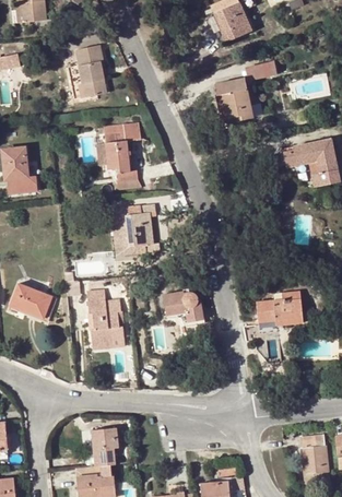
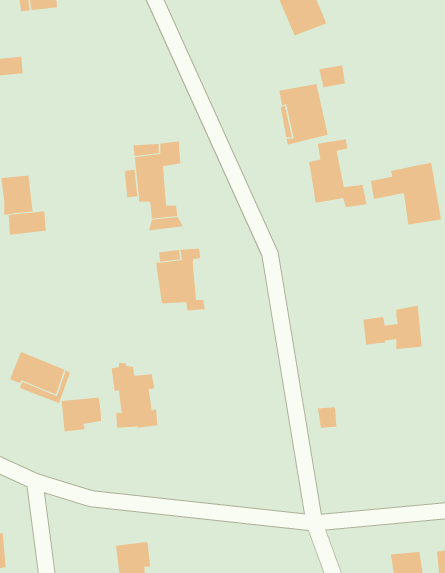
building: [67,45,107,98] -> none
building: none -> [308,138,367,208]
building: [163,291,203,321] -> none
building: [257,291,303,324] -> [362,305,423,350]
building: none -> [61,397,102,432]

